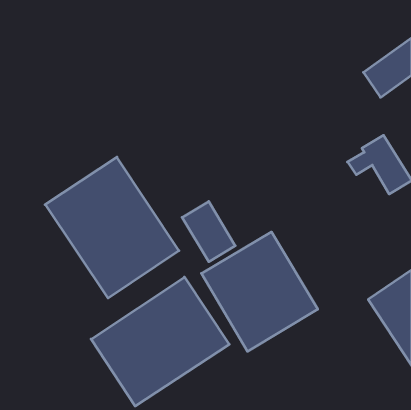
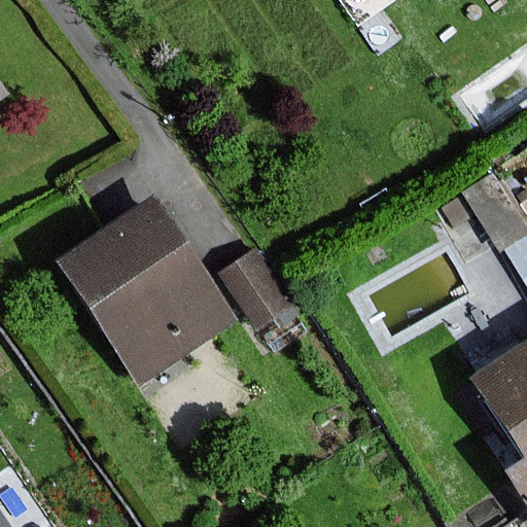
building: [201,232,318,351] -> none
building: [91,277,229,406] -> none

